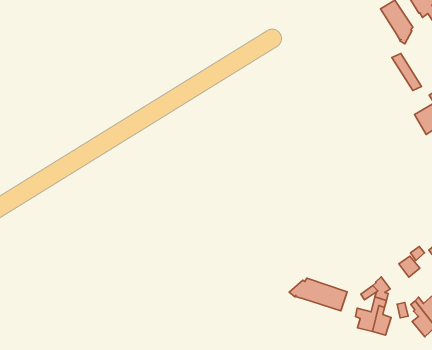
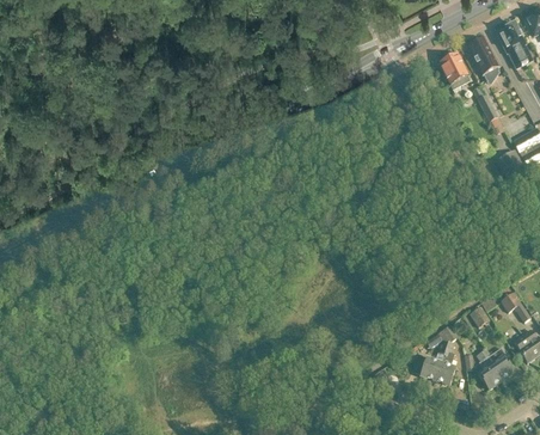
building: none -> [440,54,471,88]
building: [289,278,347,311] -> none

